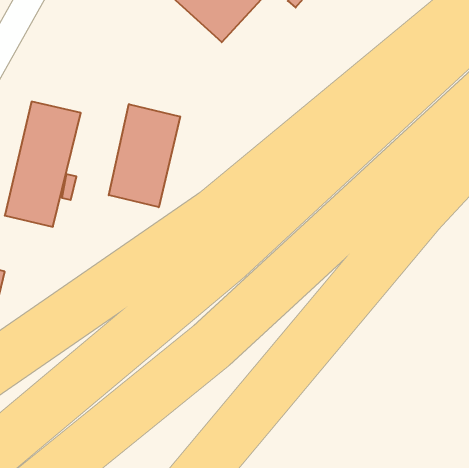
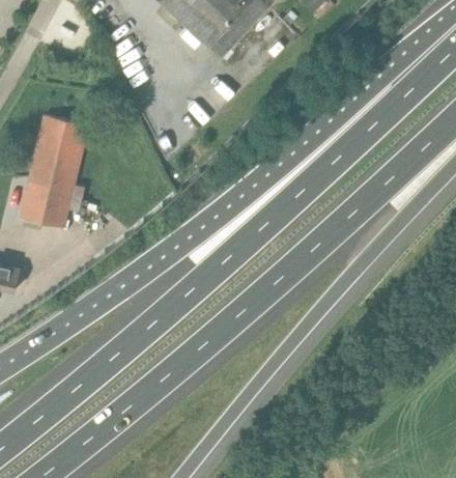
building: [109,104,180,207] -> none

